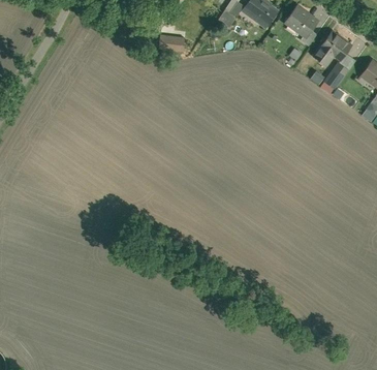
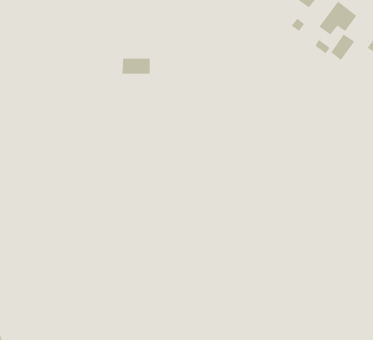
building: [155,36,183,52] -> [121,58,150,74]

